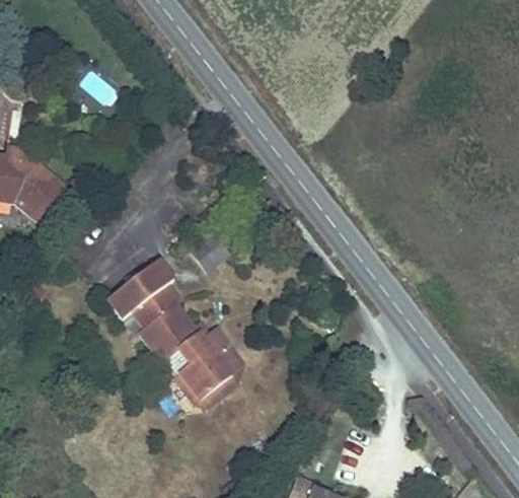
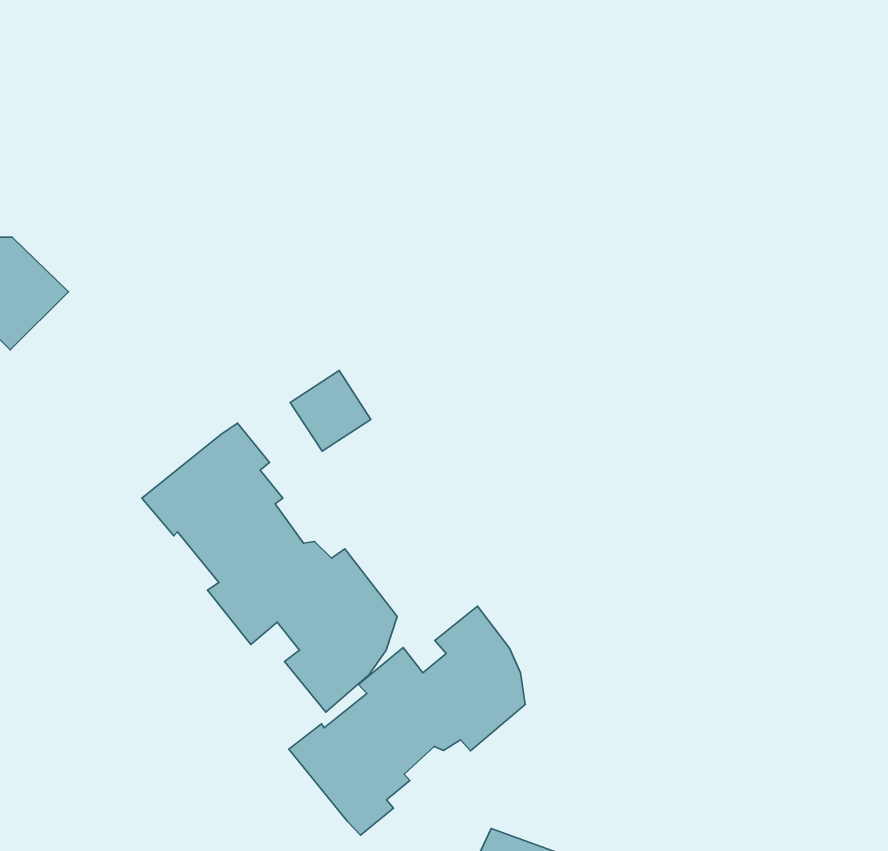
building: none -> [289,606,525,835]

